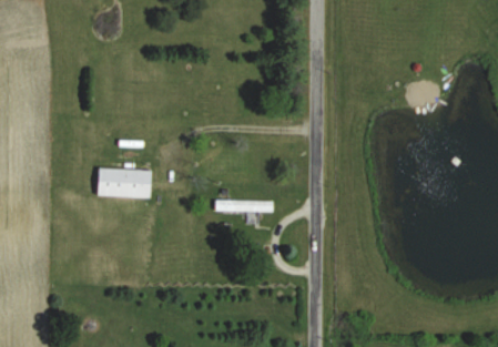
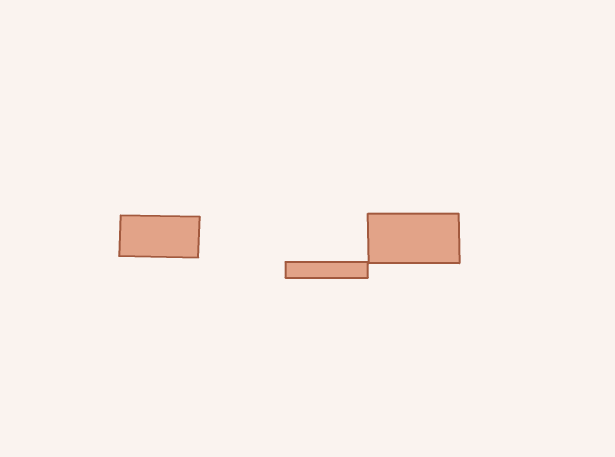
building: none -> [368,214,459,263]

